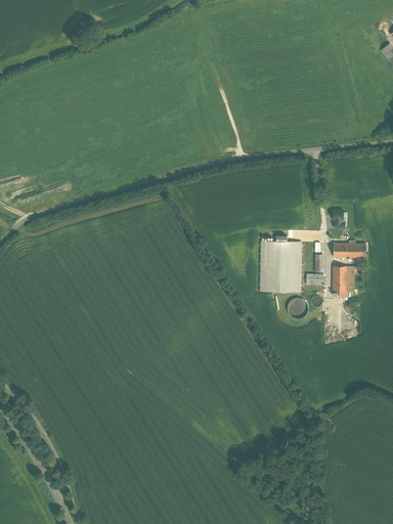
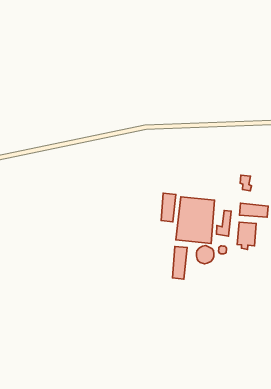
building: none -> [161,193,176,222]
building: none -> [173,246,187,279]

